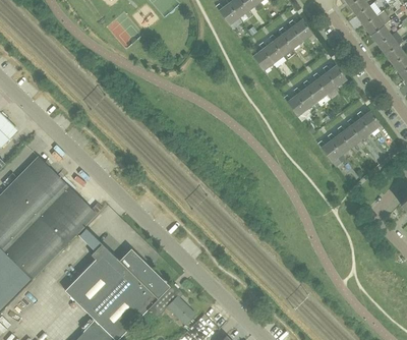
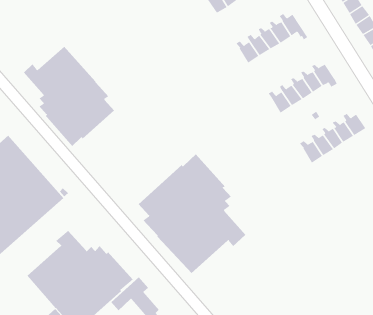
building: none -> [23,46,115,147]
building: none -> [138,154,246,274]

